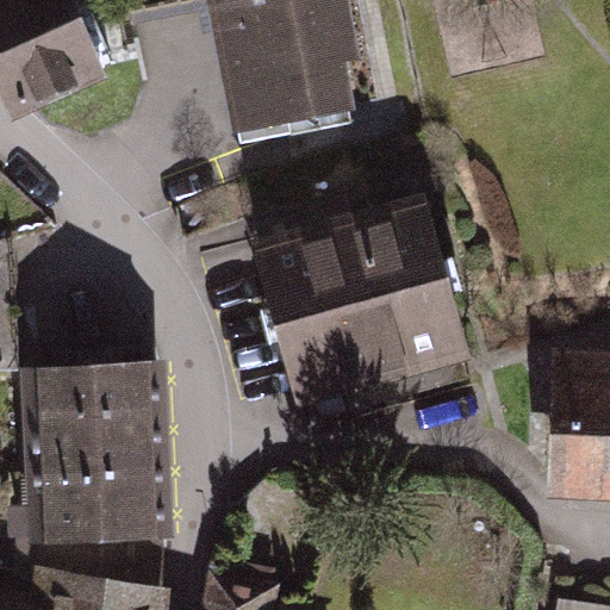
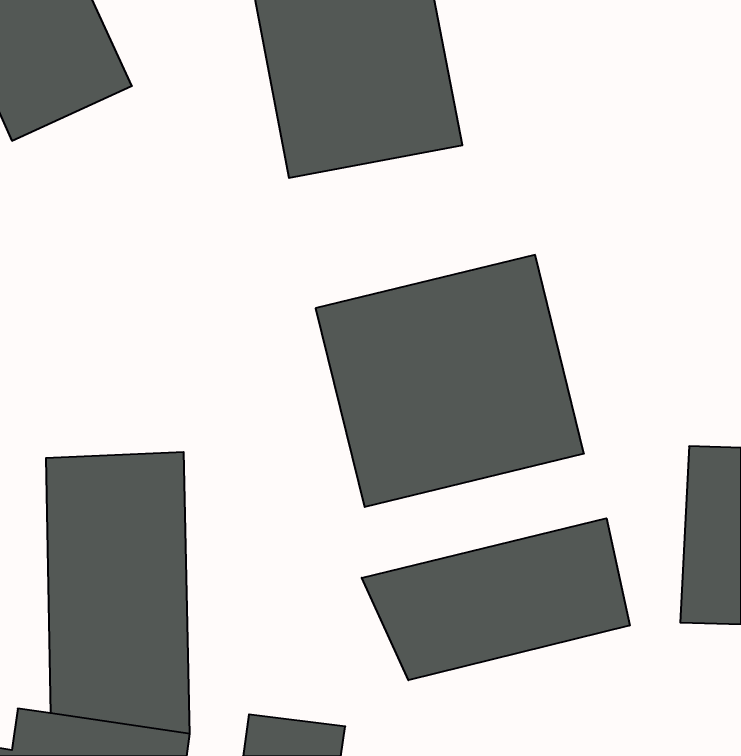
building: none -> [362,518,630,680]

